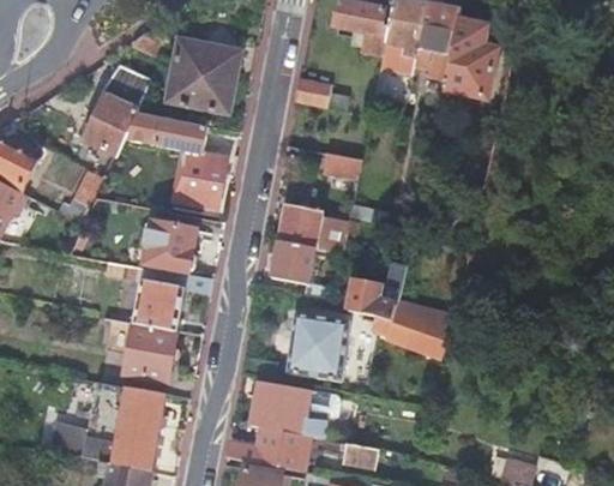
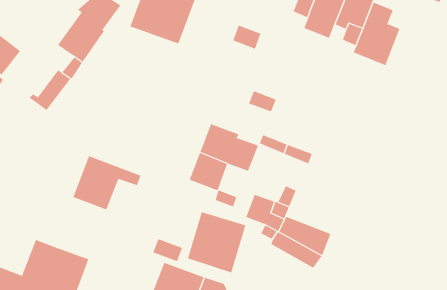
building: [125,114,225,208] -> none
building: [143,222,197,275] -> none
building: [108,319,176,383] -> none

